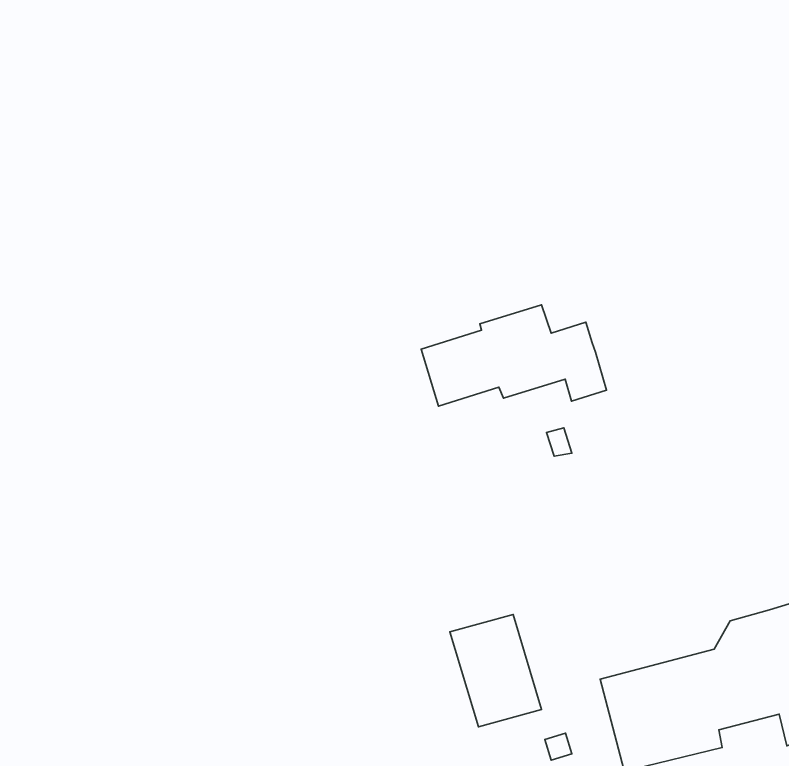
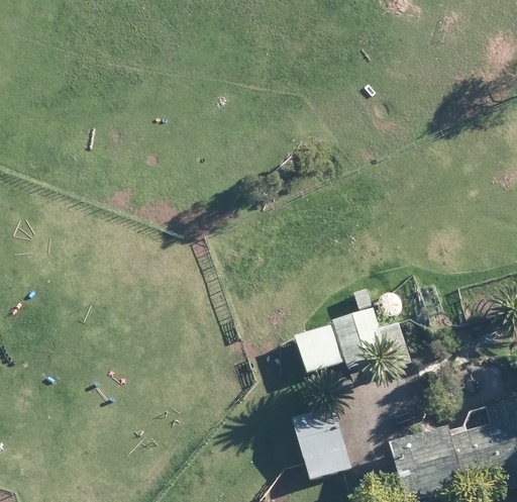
building: [421,305,606,406] -> [296,306,414,371]

